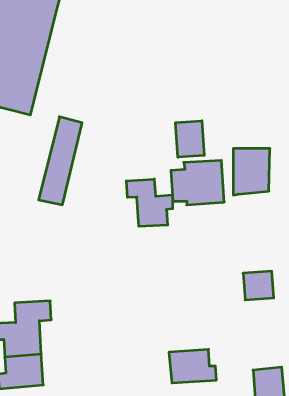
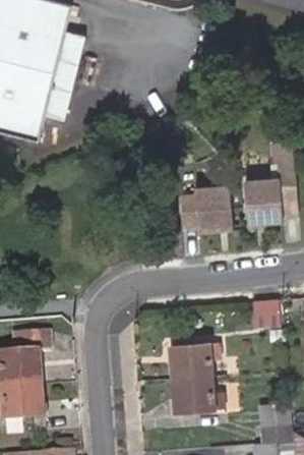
building: [39,117,82,205] -> [38,27,82,118]
building: [176,121,204,157] -> none
building: [126,179,173,226] -> none
building: none -> [171,346,219,382]

